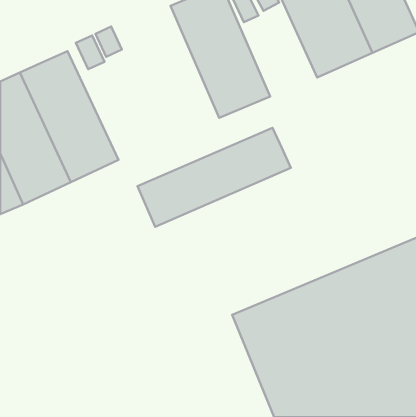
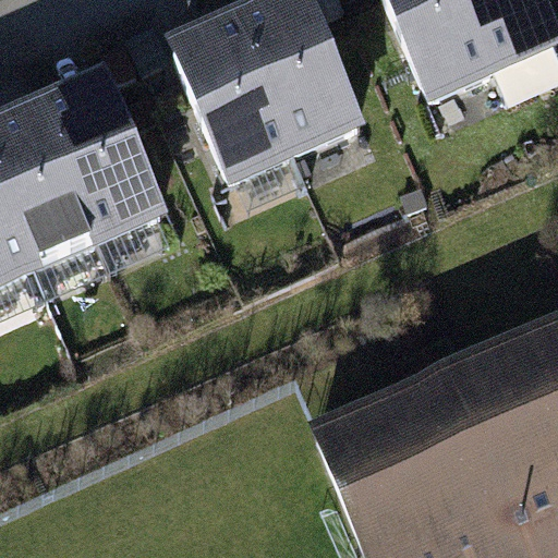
building: none -> [163,8,296,185]
building: [138,128,291,227] -> none

